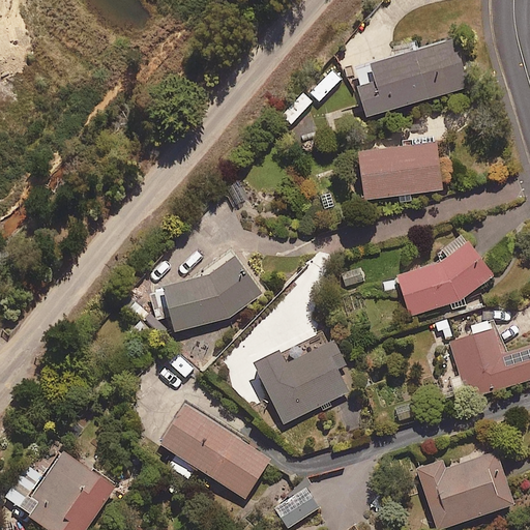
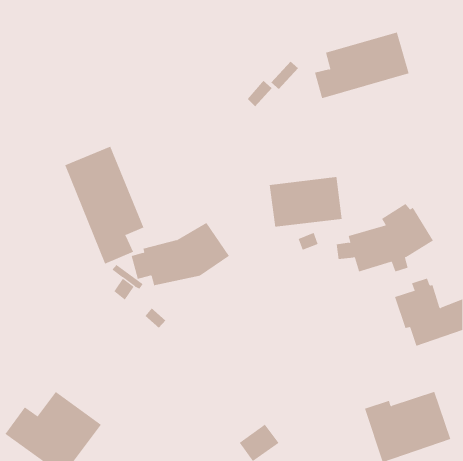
building: [358,142,442,200] -> [269,177,342,227]
building: none -> [64,146,144,264]
building: [254,340,349,424] -> none
building: [159,404,269,499] -> none

